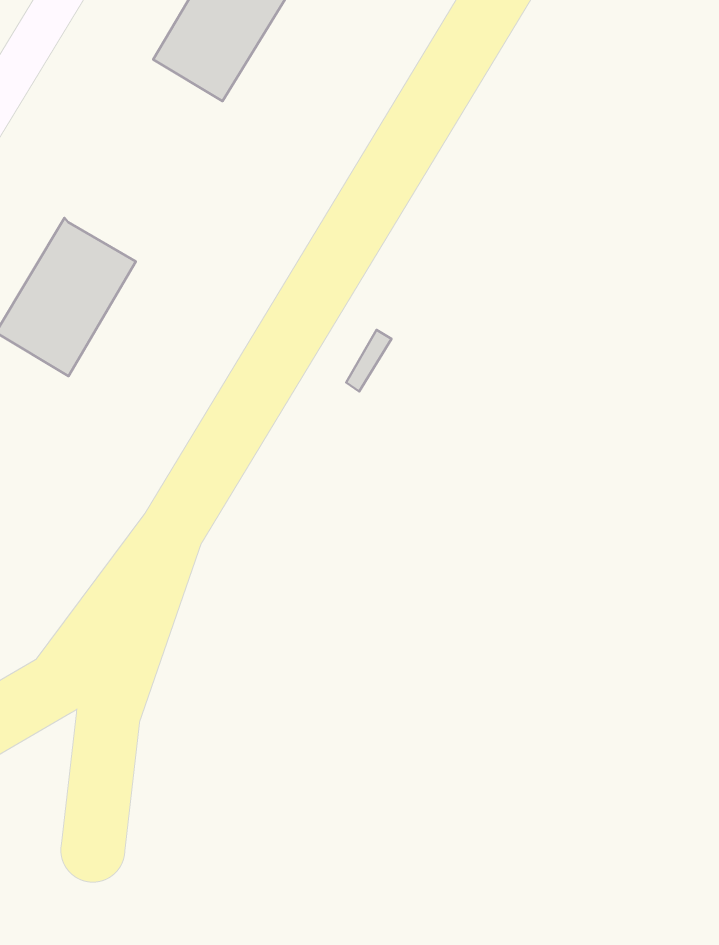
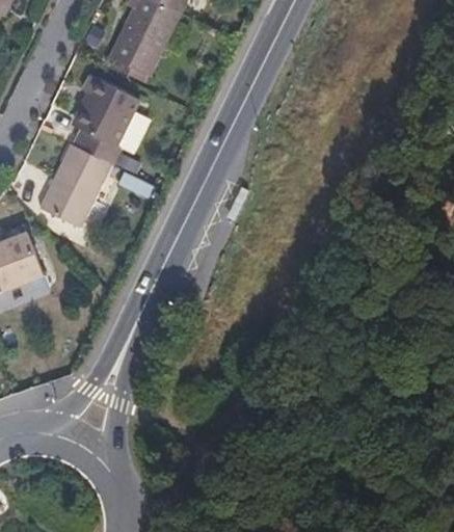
building: none -> [73,78,137,165]

